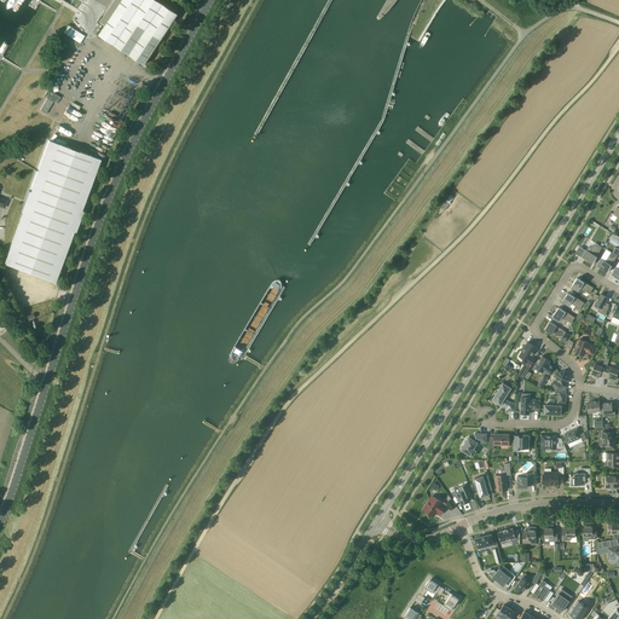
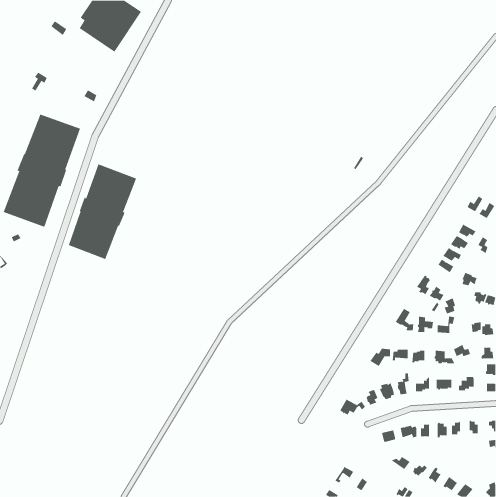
building: none -> [68,164,137,260]

